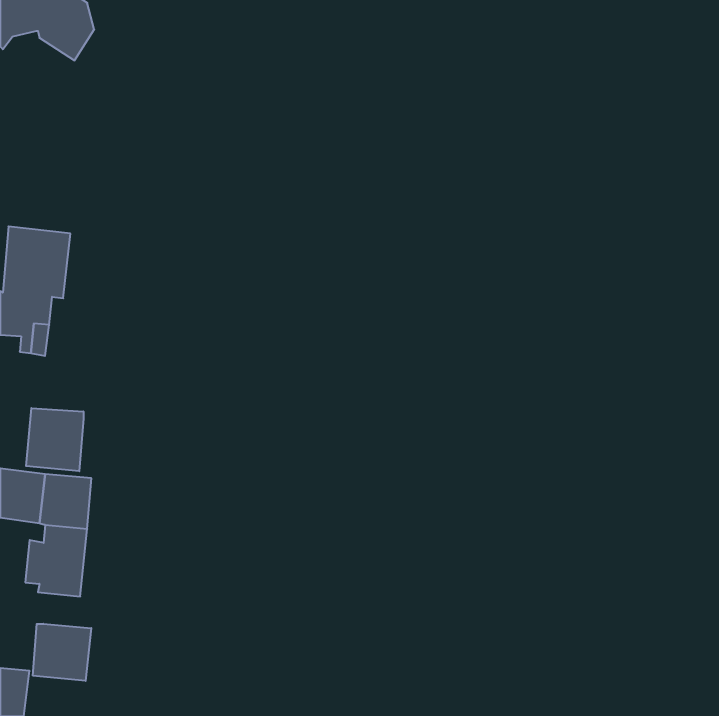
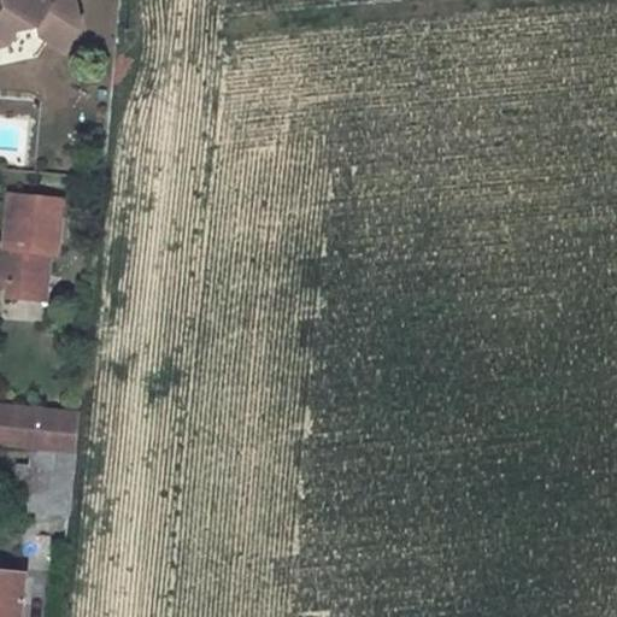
building: [26,408,84,471] -> none
building: [33,624,91,681] -> none

